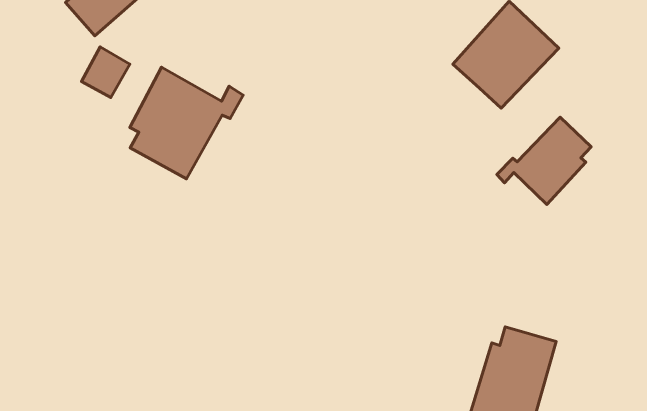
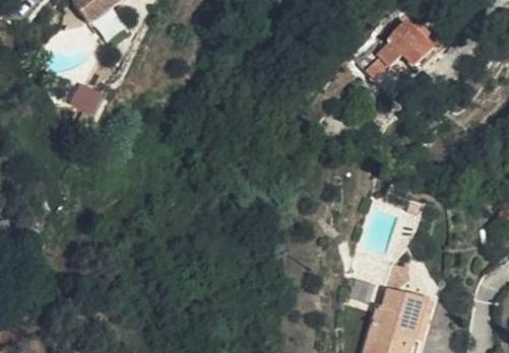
building: [130,67,243,179] -> none
building: [497,117,591,205] -> none

